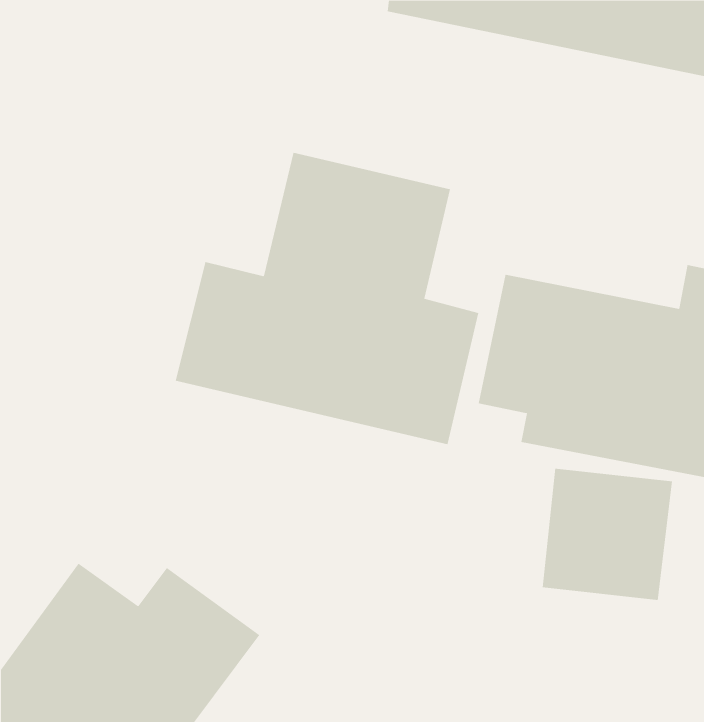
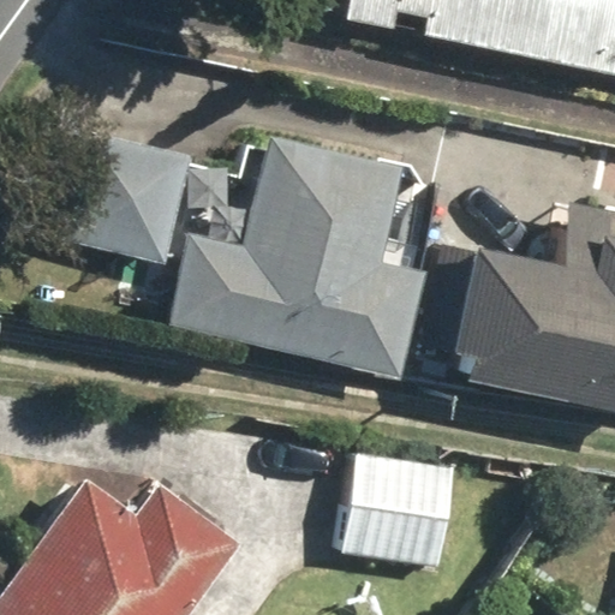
building: none -> [54,123,191,267]
building: [542,468,673,600] -> [346,456,456,568]

